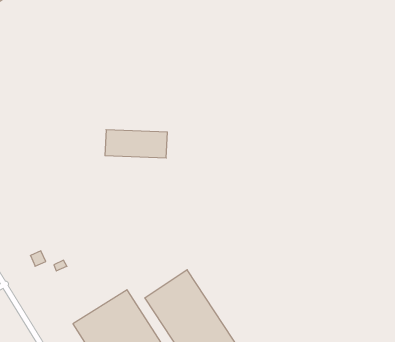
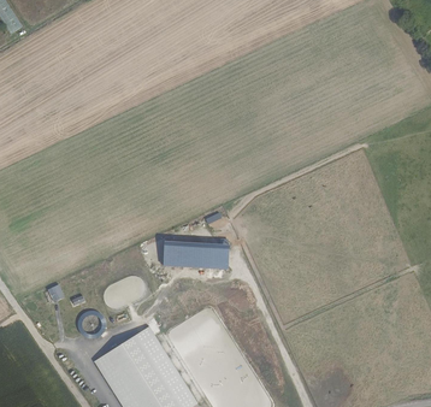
building: [105,130,167,158] -> [165,240,229,269]

